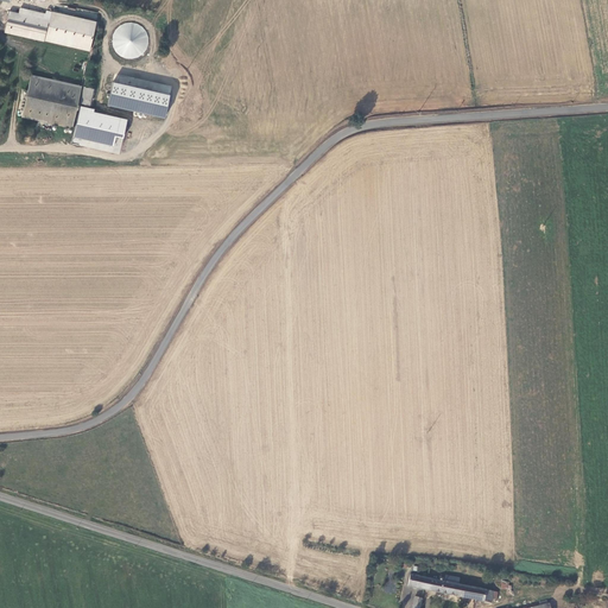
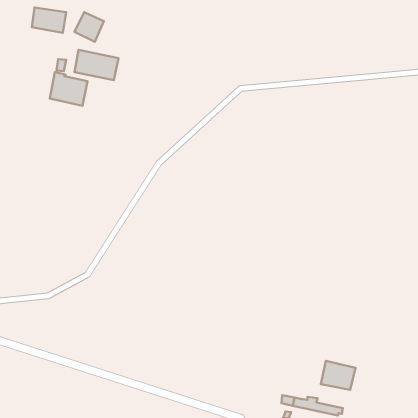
building: [5,8,48,39] -> none
building: [24,76,82,127] -> none
building: none -> [321,361,356,390]

